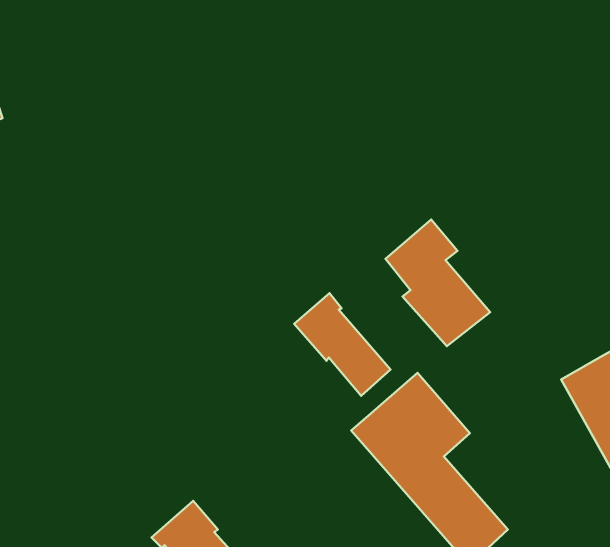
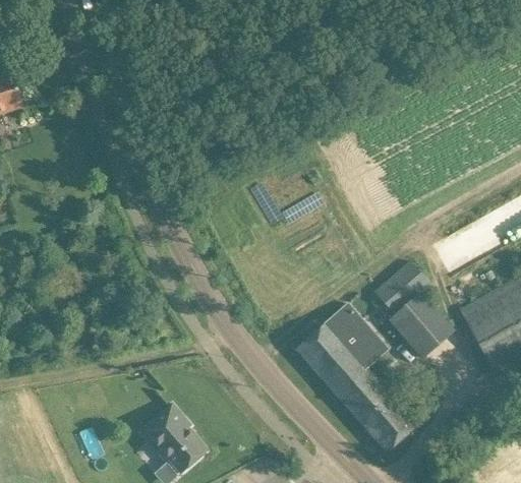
building: [386,220,490,346] -> [374,259,456,358]
building: [294,293,390,396] -> none

